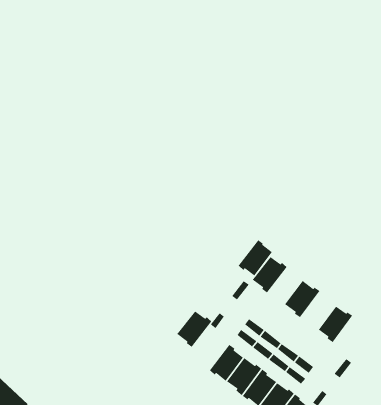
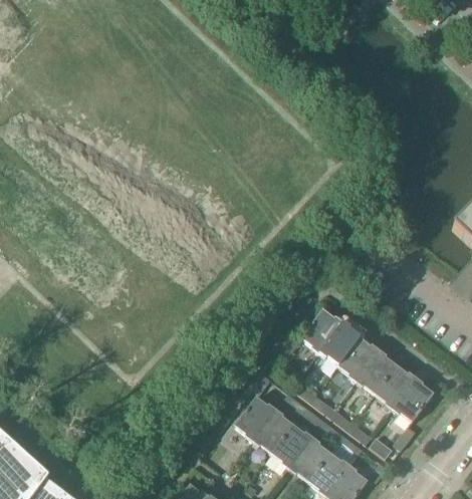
building: [238,239,273,276] -> [318,322,359,364]
building: none -> [356,349,397,394]
building: [176,310,212,348] -> [234,397,275,440]
building: none -> [393,378,434,422]

